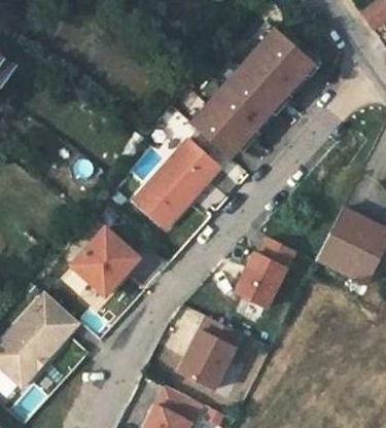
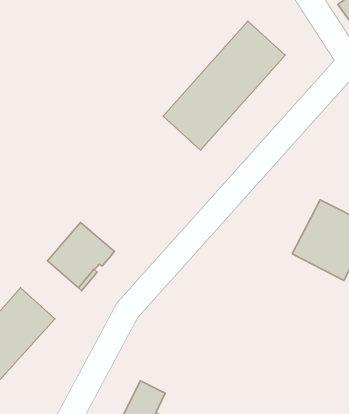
building: [132,140,217,229] -> none
building: [235,239,295,309] -> none
building: [178,316,242,390] -> none

